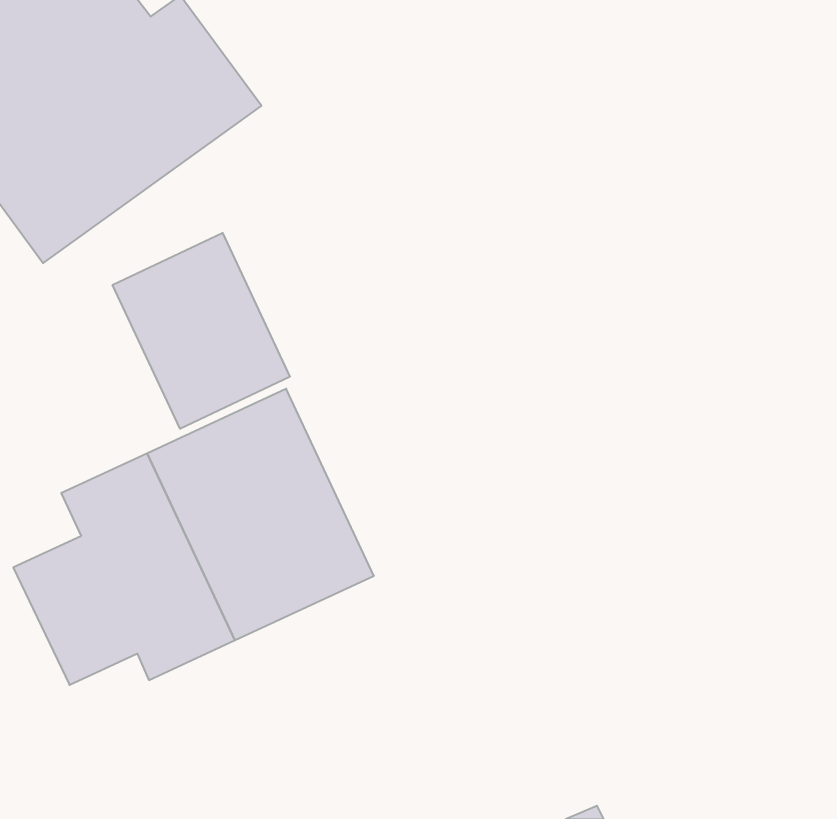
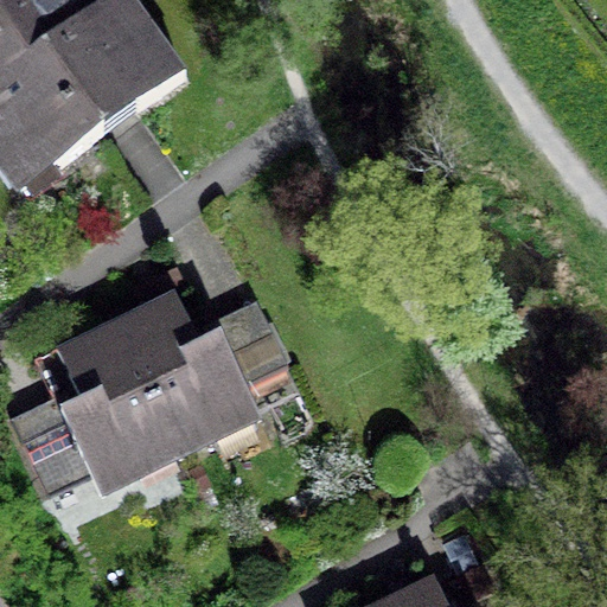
building: [113,233,290,429] -> none

